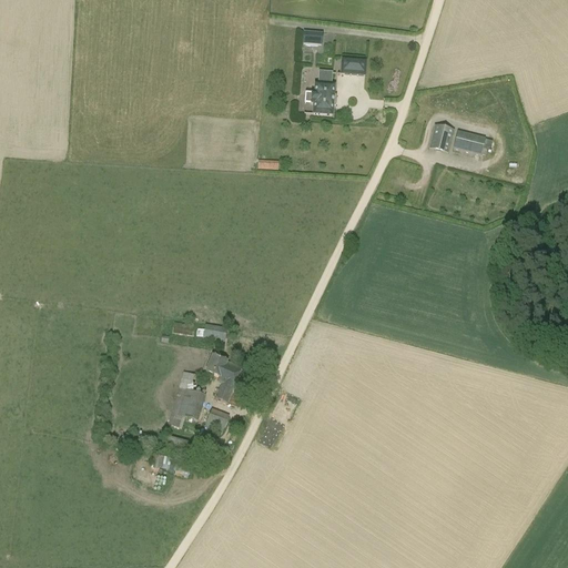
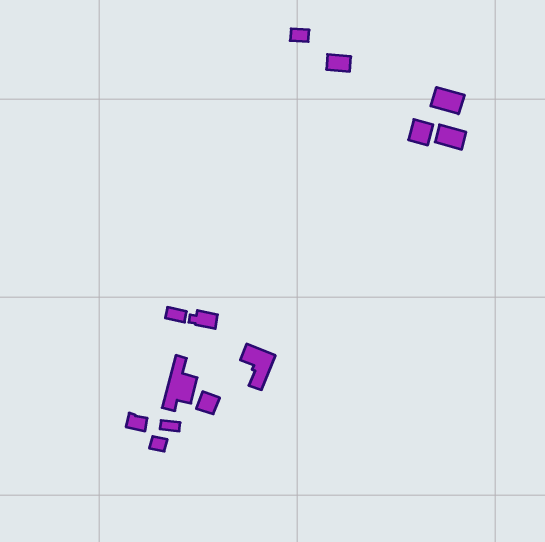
building: [310,70,334,113] -> none
building: none -> [431,87,464,114]
building: [205,354,242,402] -> [240,344,275,390]

